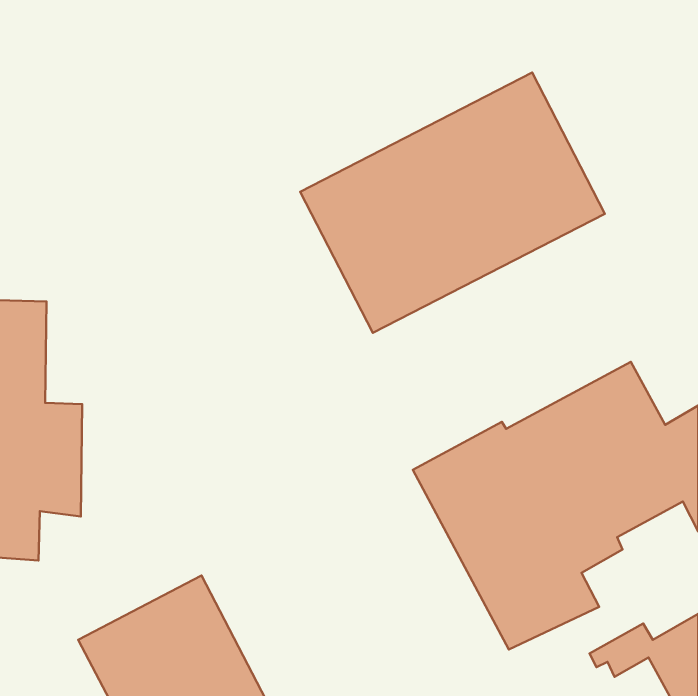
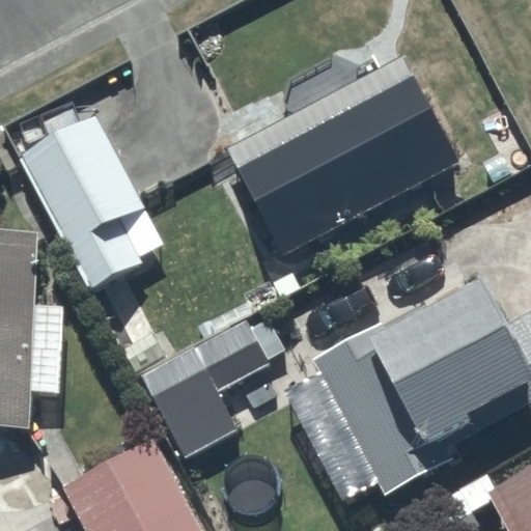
building: none -> [5,84,184,288]
building: none -> [117,320,272,457]

